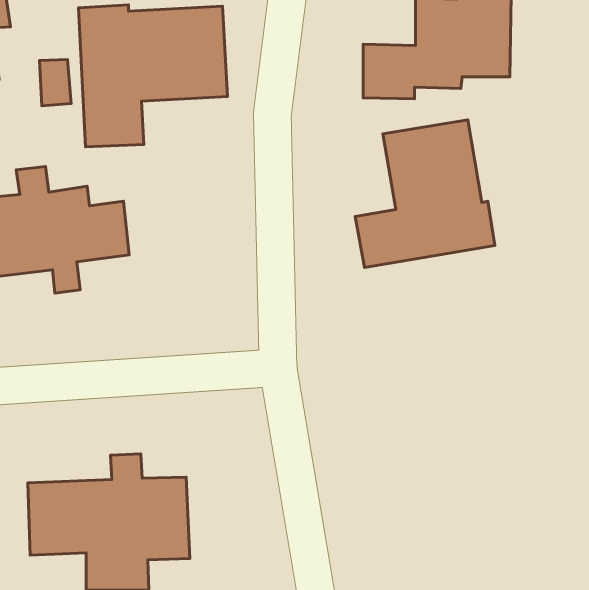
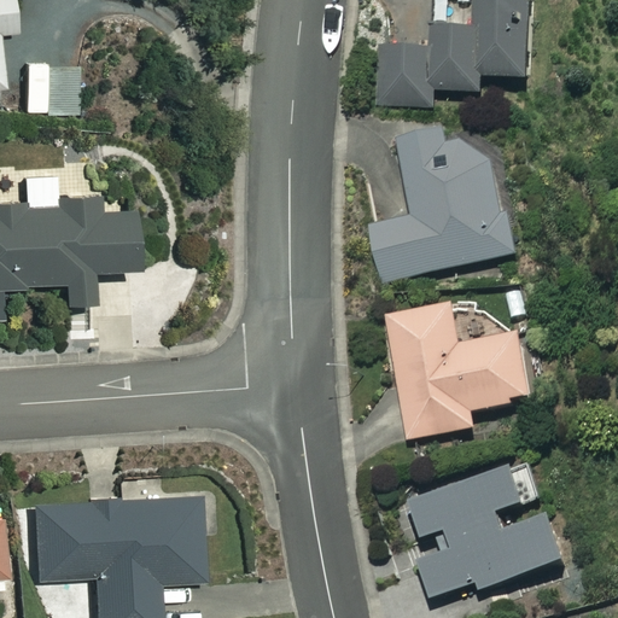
building: [78,5,228,147] -> none
building: none -> [385,303,531,439]
building: none -> [410,470,562,599]

